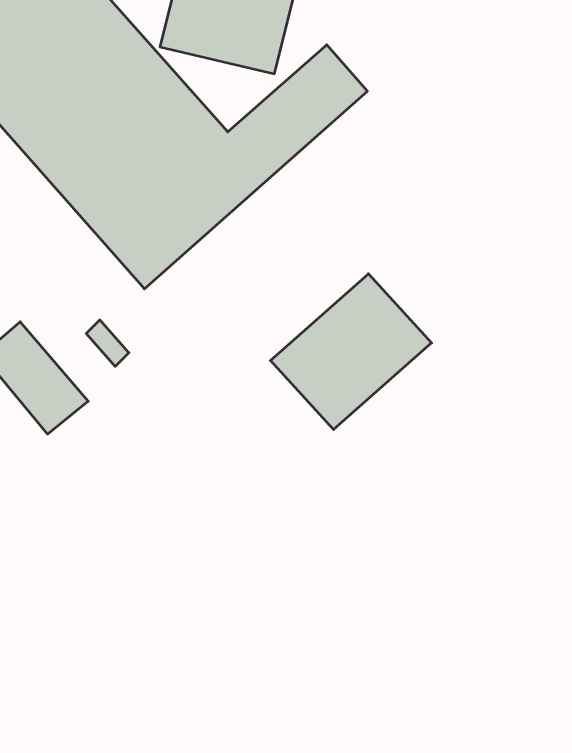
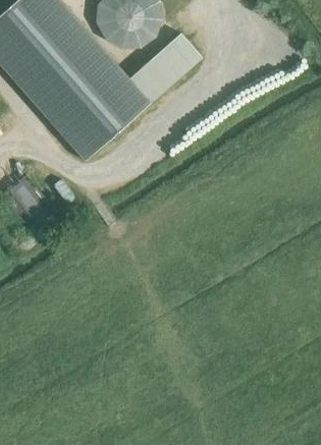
building: [270,274,432,430] -> none

